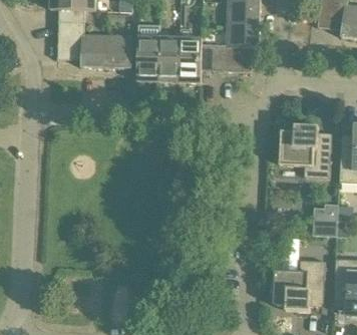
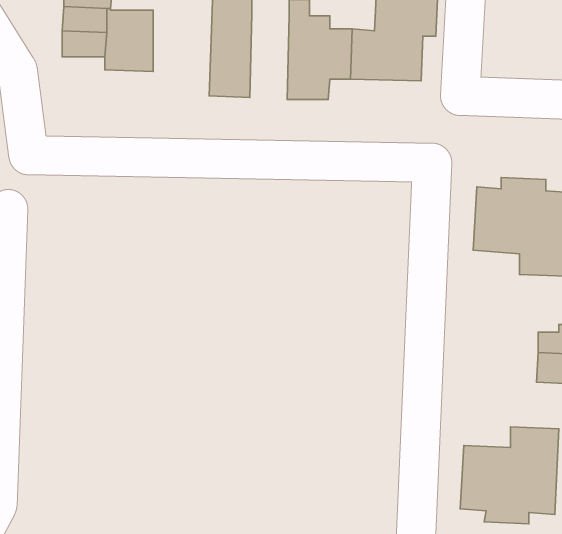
building: [106,34,132,68] -> none
building: [158,36,180,82] -> none

